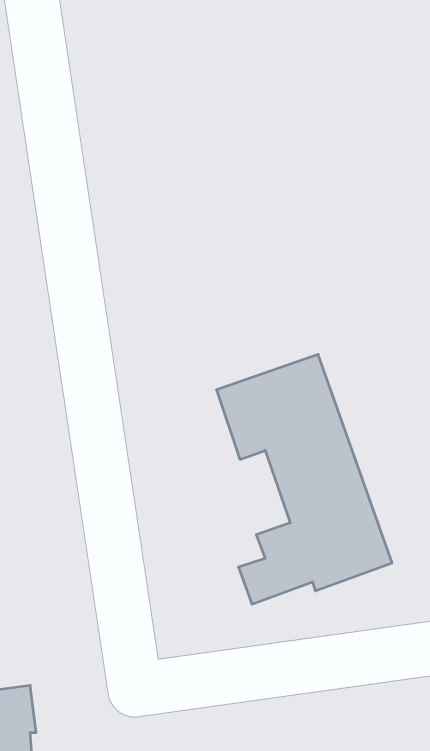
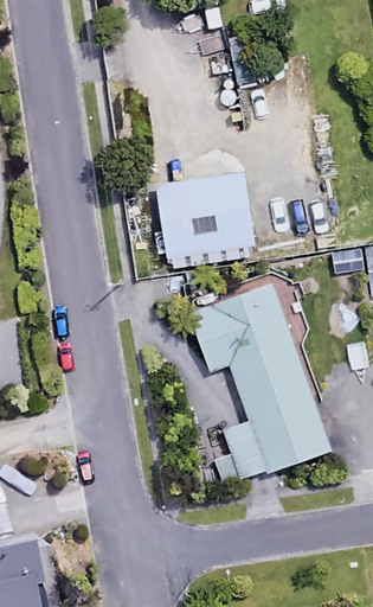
building: none -> [156,173,253,264]

